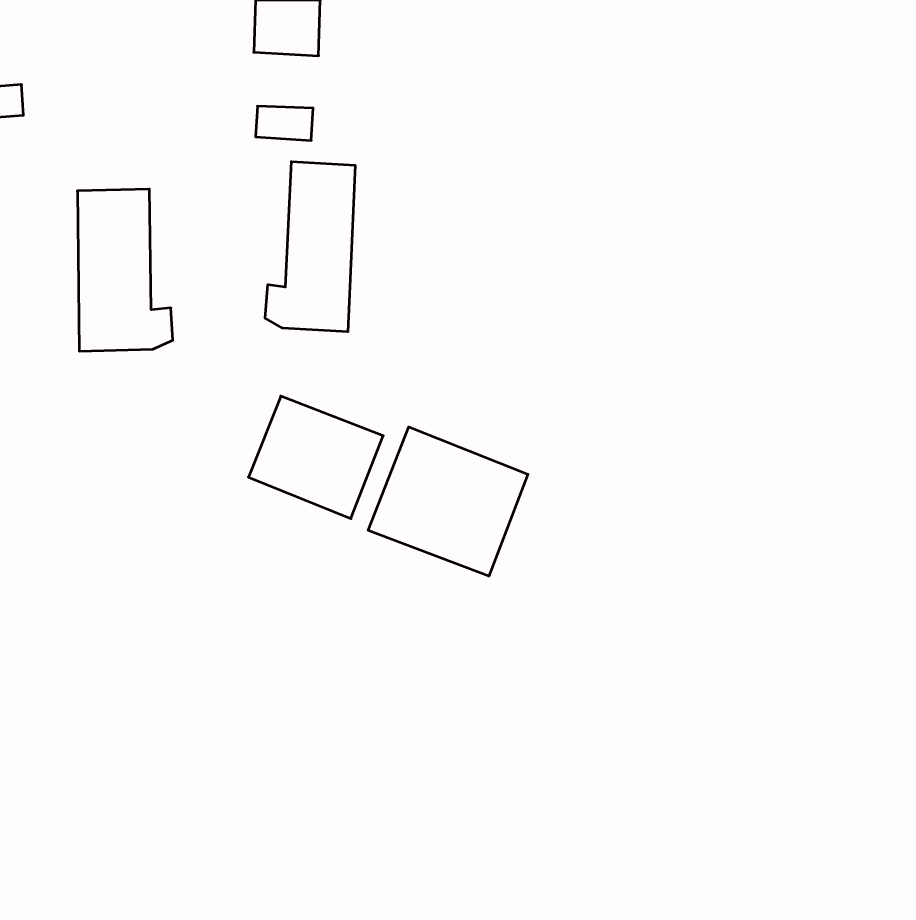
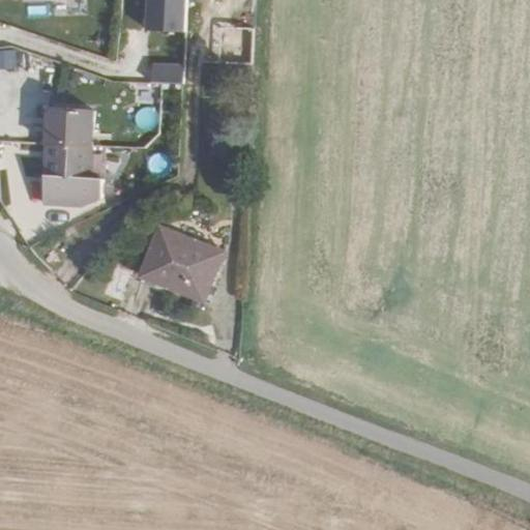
building: [265,162,355,332] -> none
building: [368,427,528,576] -> none

